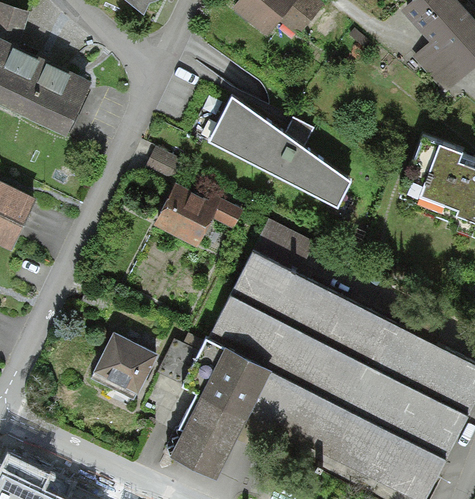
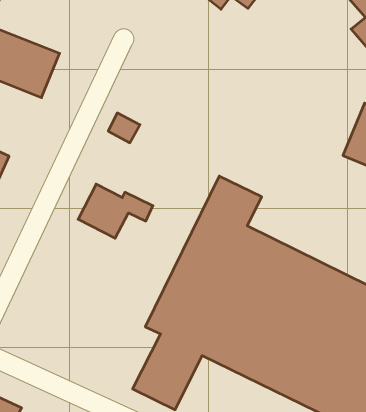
building: [207,91,356,210] -> none
building: [156,185,239,245] -> [78,184,153,238]
building: [91,334,154,399] -> none

